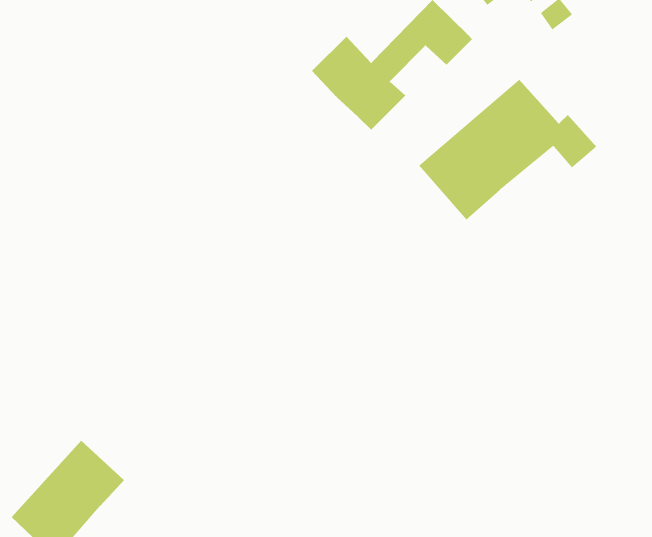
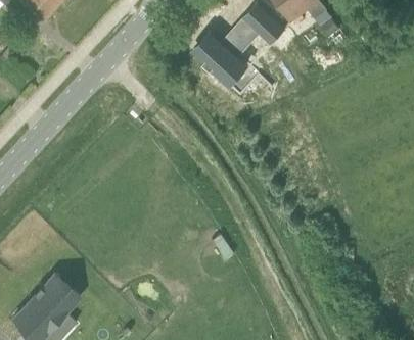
building: [418,79,597,220] -> none

